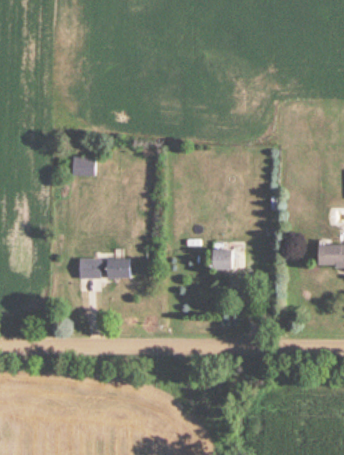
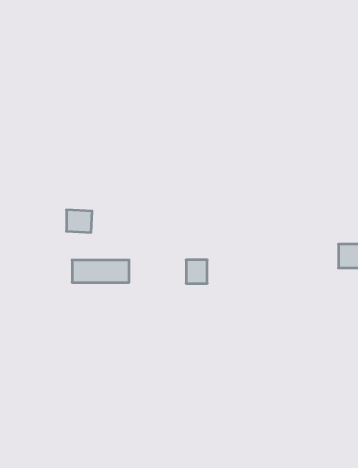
building: [73,156,96,176] -> [66,210,92,232]
building: [213,248,232,269] -> [186,260,207,283]

